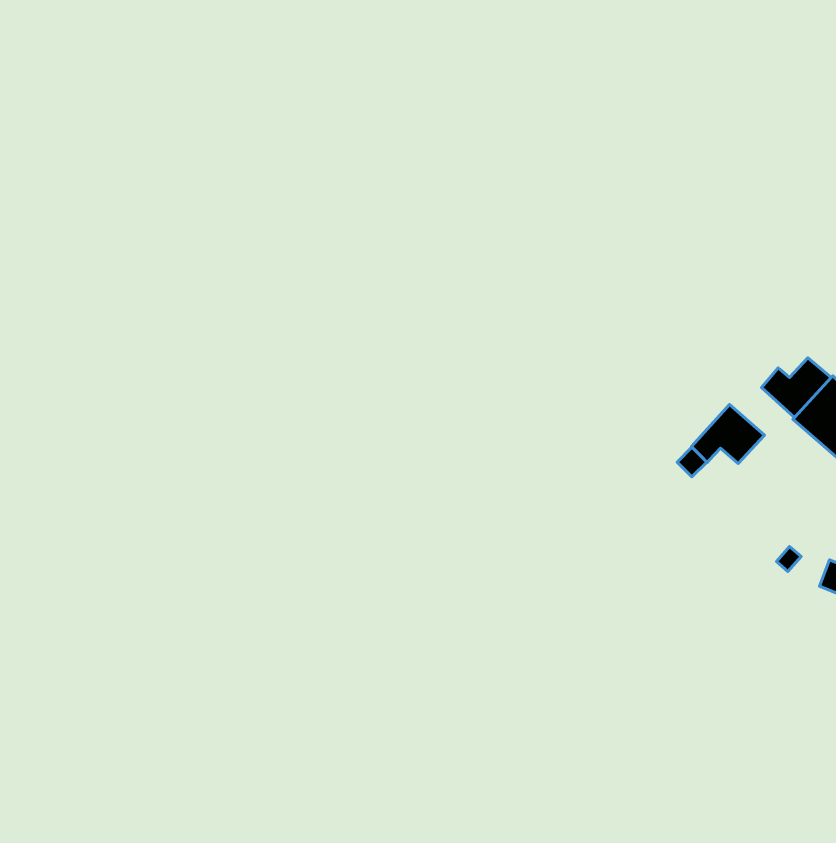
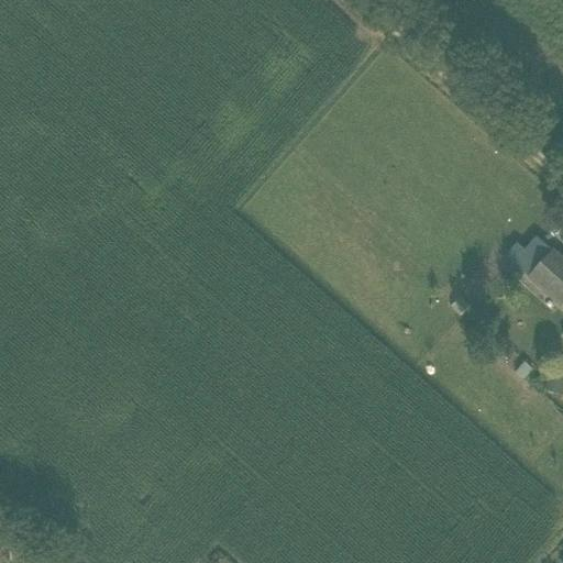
building: [691,404,764,464] -> none

